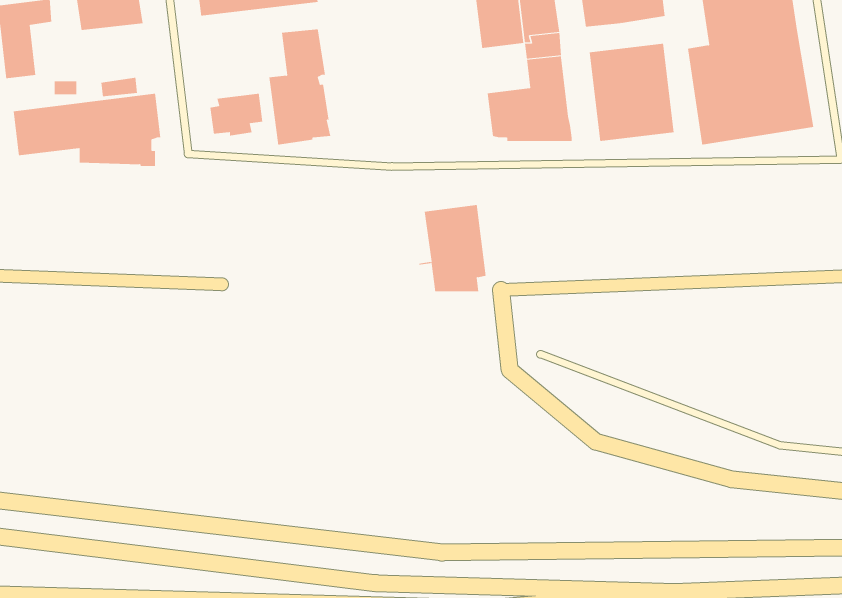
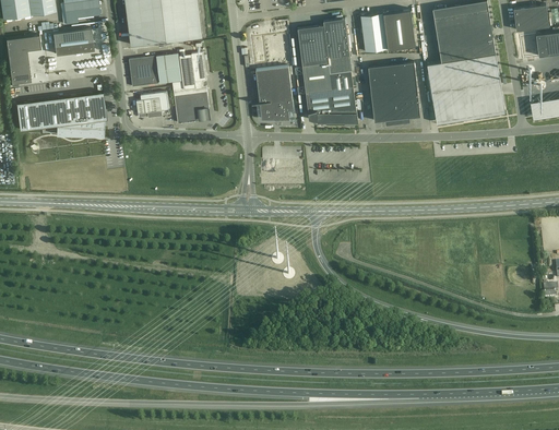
building: none -> [128,52,181,86]
building: none -> [301,61,331,92]
building: [418,204,486,292] -> [251,65,293,119]

